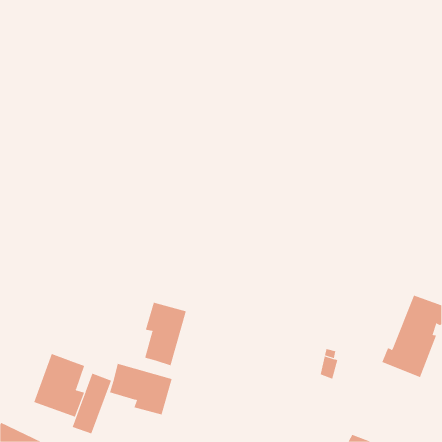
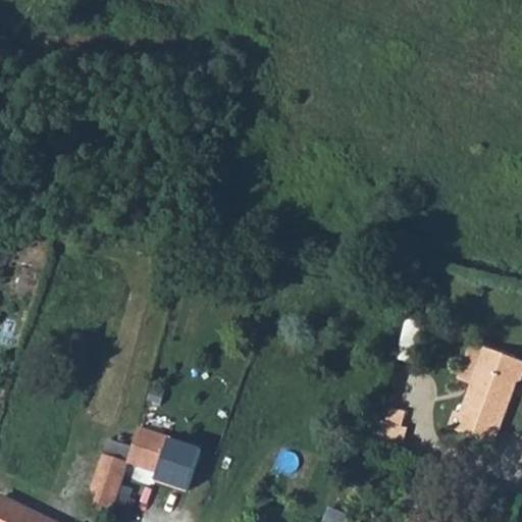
building: [145,302,186,366] -> none
building: [33,353,85,418] -> none

